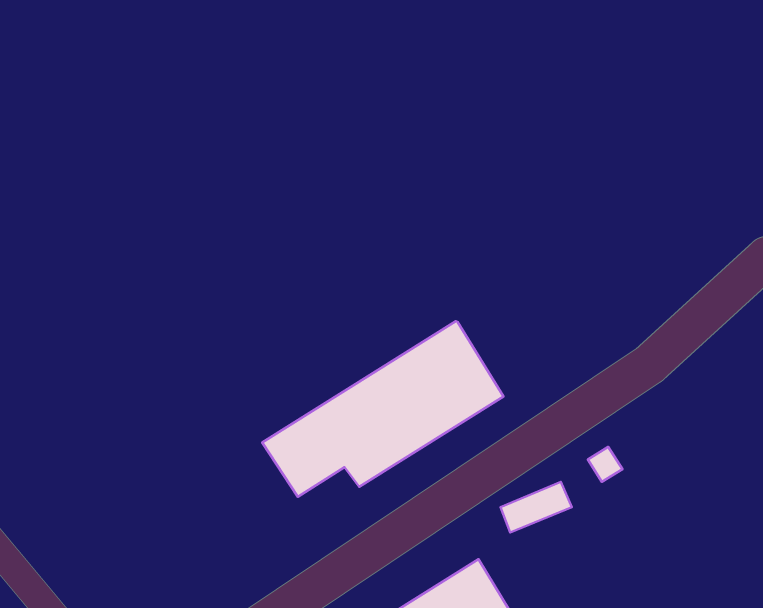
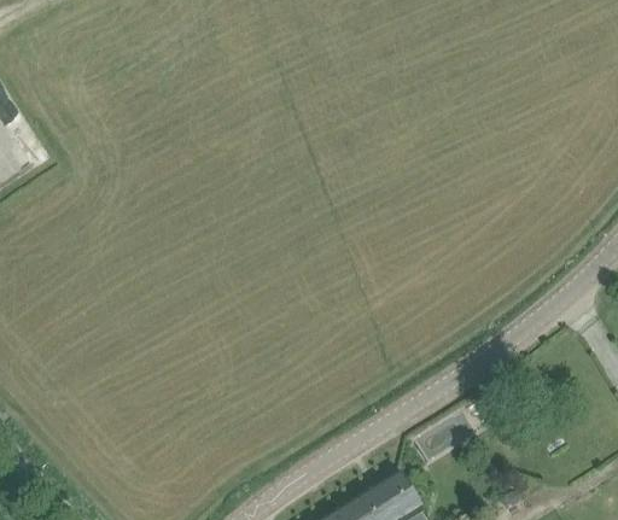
building: [262,321,504,497] -> none

